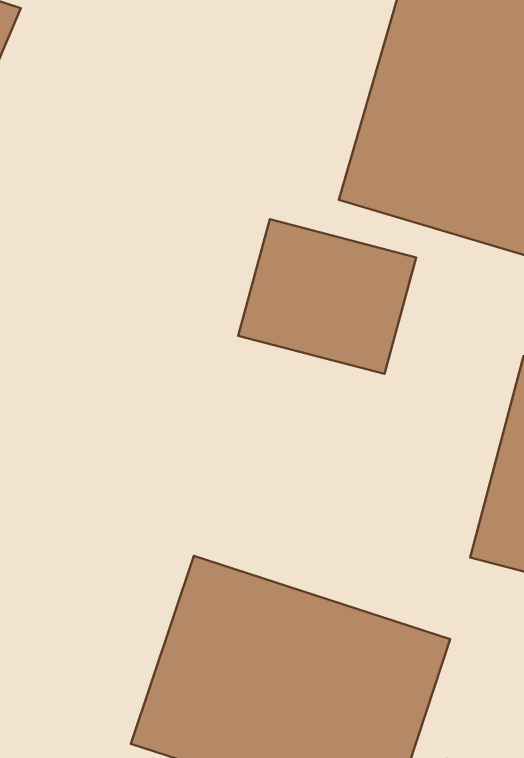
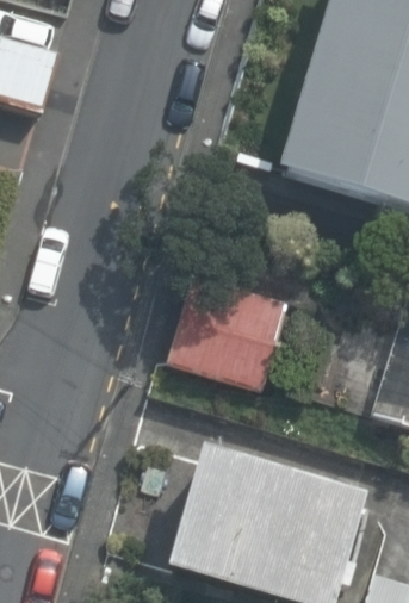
building: [238,219,416,374] -> [159,271,286,381]

